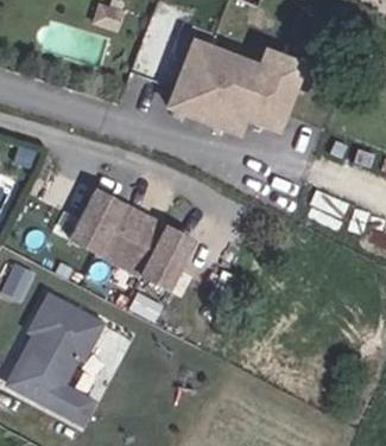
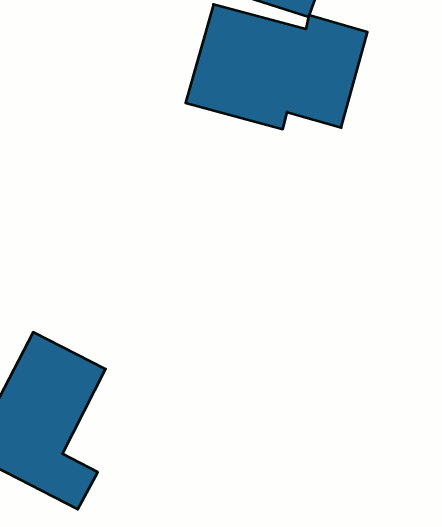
building: [67,189,197,291] -> none

